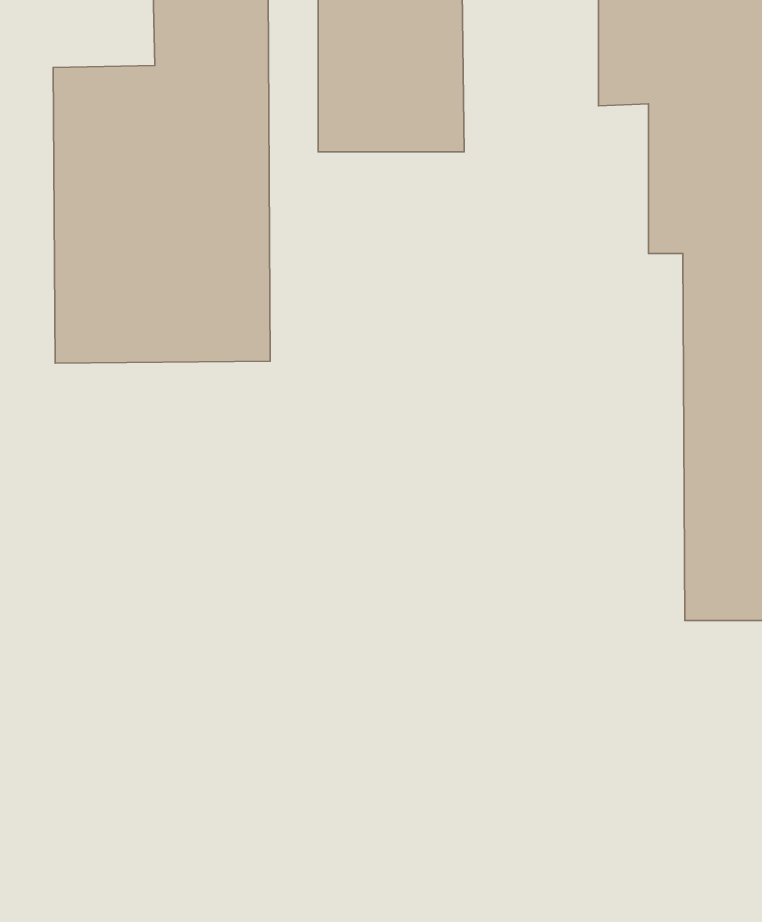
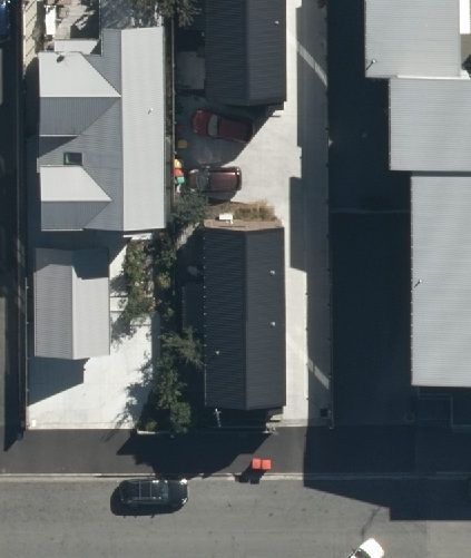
building: none -> [196,231,281,409]
building: none -> [39,254,112,363]

